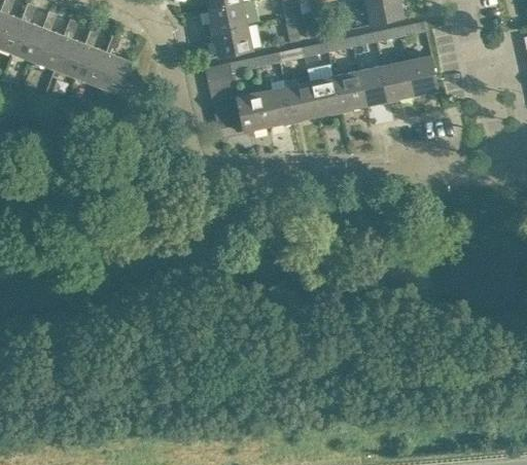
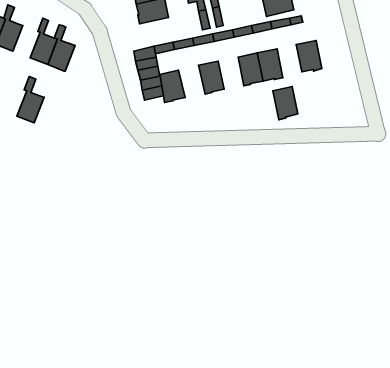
building: [55,20,89,77] -> [17,77,44,123]
building: [212,27,253,58] -> none
building: [383,61,414,102] -> [273,87,298,120]
building: [310,76,342,116] -> none
building: [260,86,293,127] -> none

